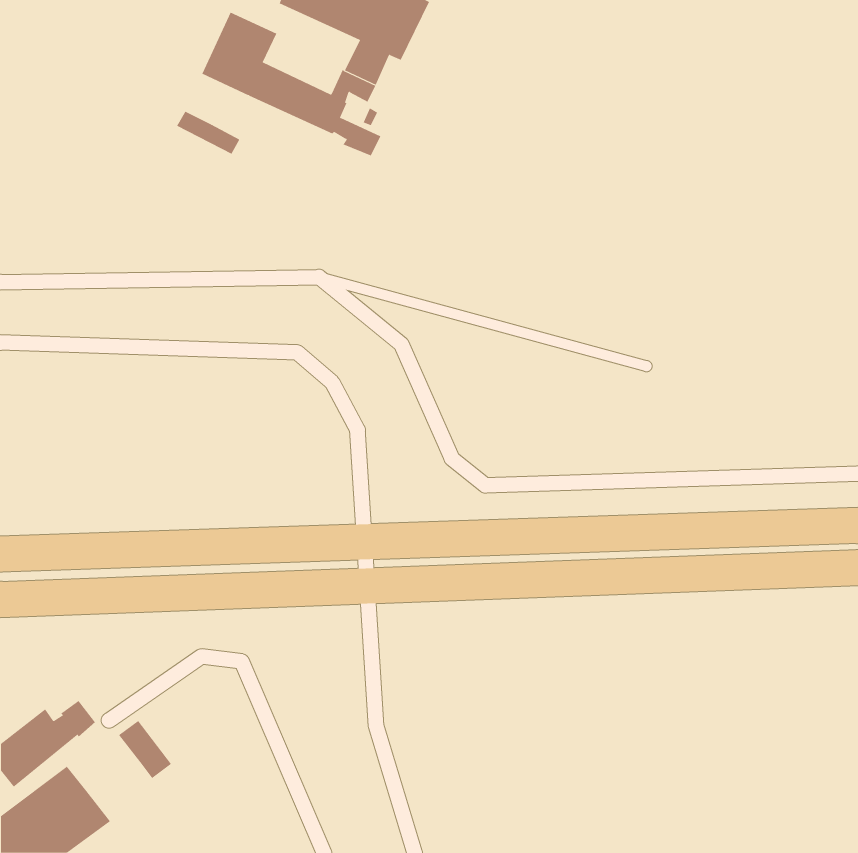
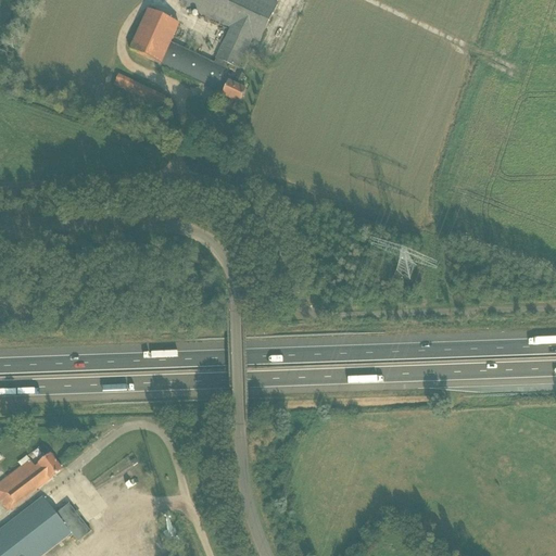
building: [118,720,172,779] -> [56,502,91,540]

